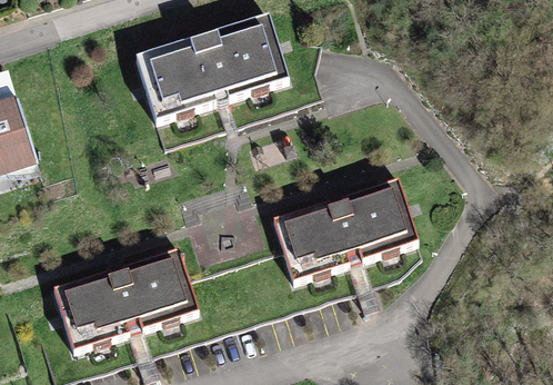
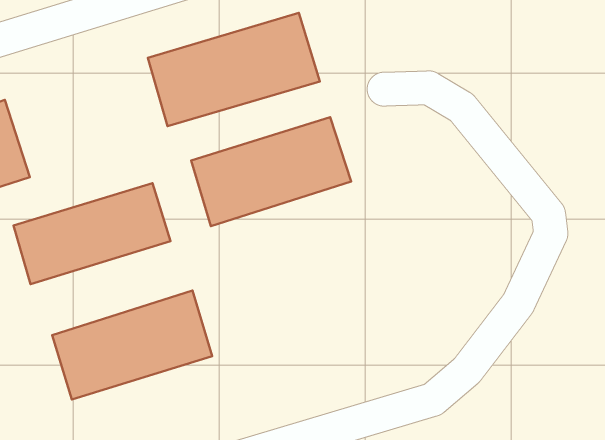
building: none -> [13,183,171,284]
building: [273,182,409,275] -> [191,117,351,226]

